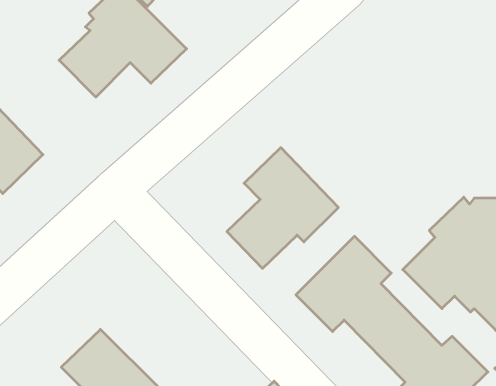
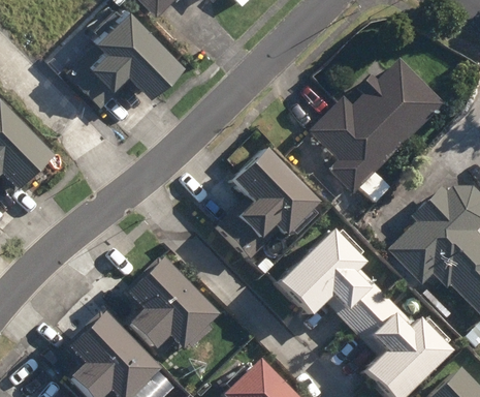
building: none -> [299,66,435,202]
building: none -> [129,256,220,347]

